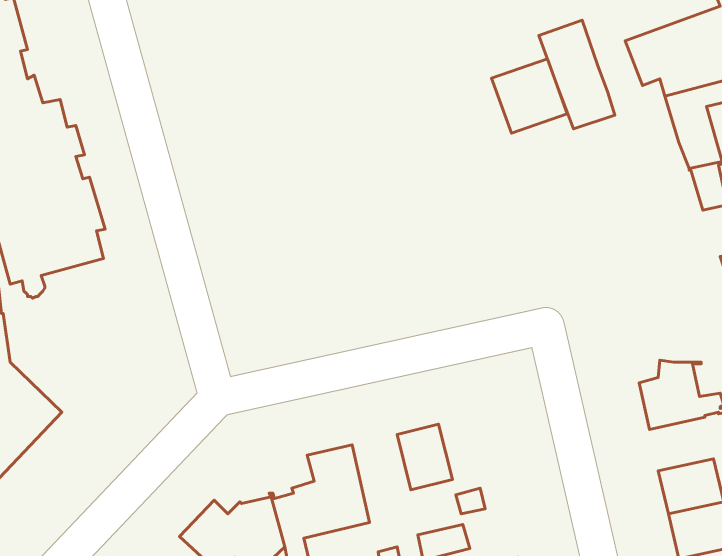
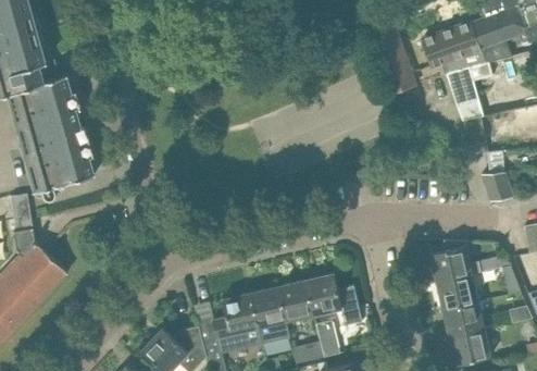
building: [492,59,567,133] -> none
building: none -> [304,275,362,324]
building: none -> [437,277,477,311]
building: none -> [250,288,290,346]

